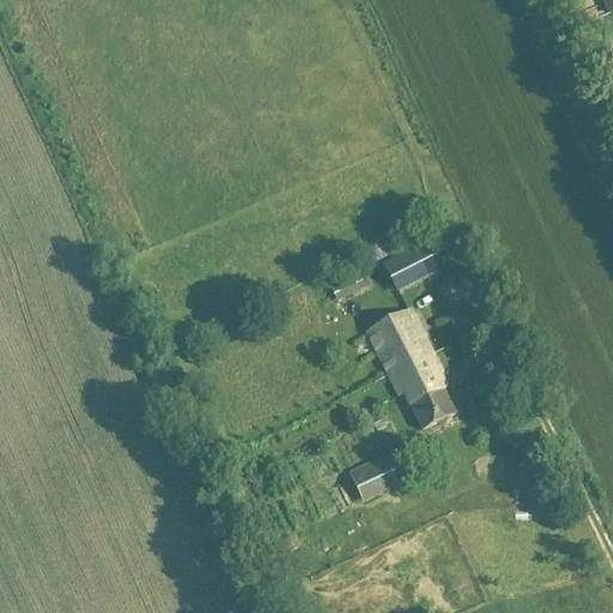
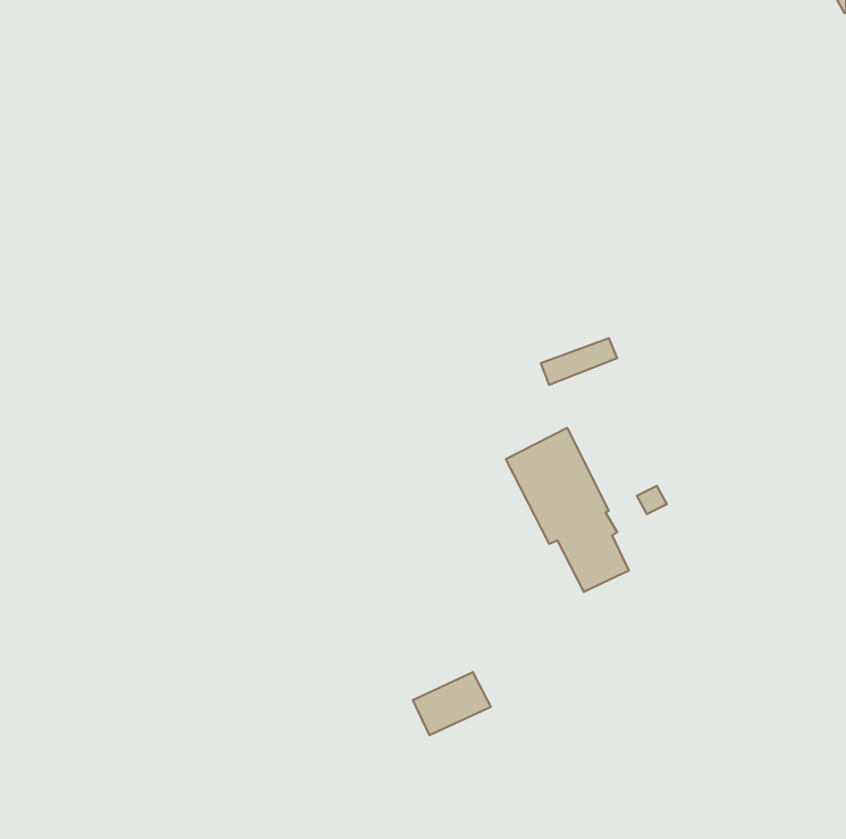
building: [348,450,405,496] -> [413,672,491,735]

